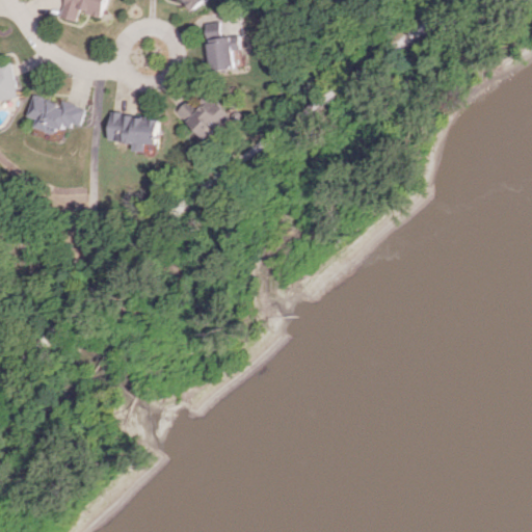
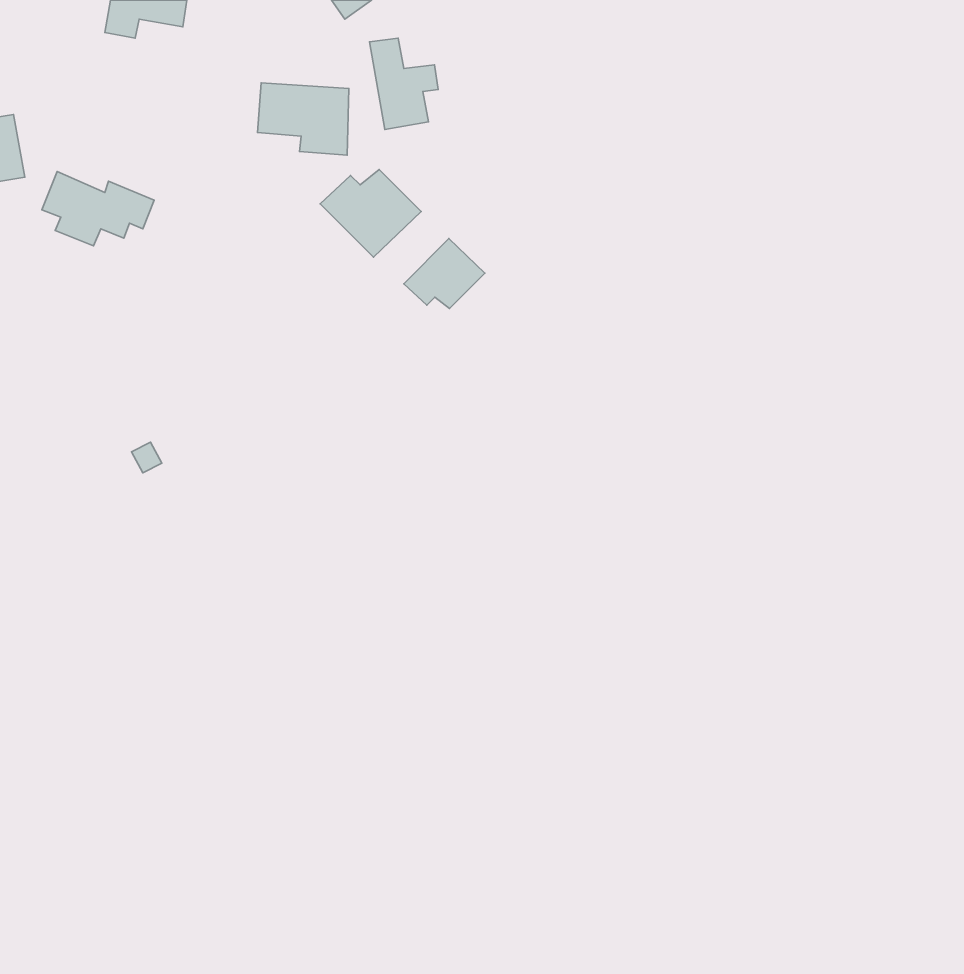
building: [107,113,157,153] -> [258,83,349,155]
building: none -> [404,239,485,309]

